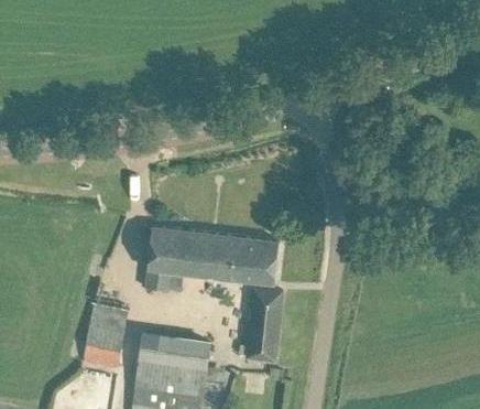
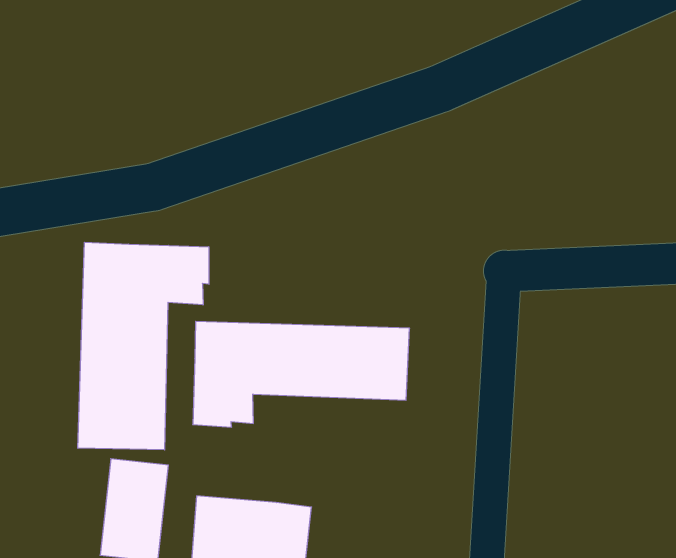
building: none -> [78,242,209,450]
building: [246,289,283,362] -> none

